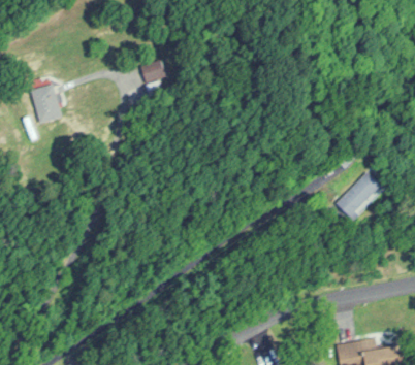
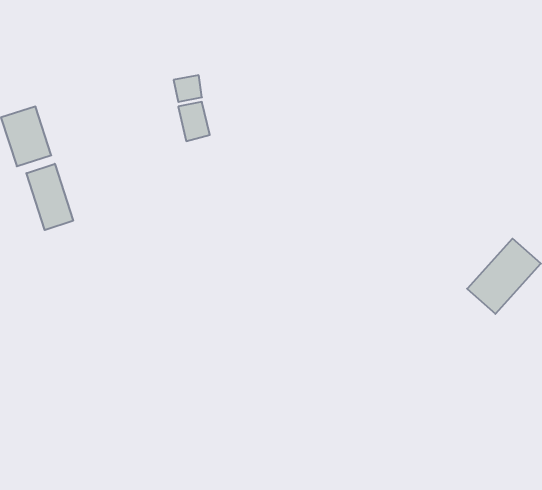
building: none -> [26,164,73,230]

